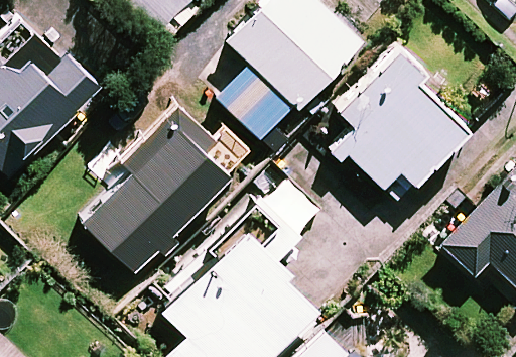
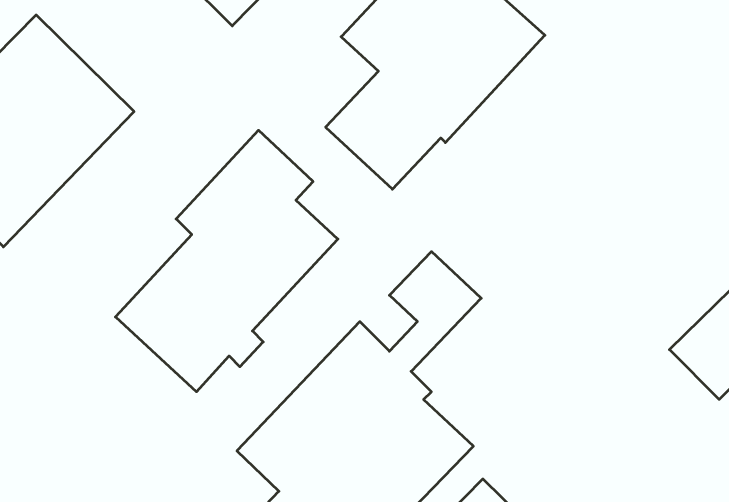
building: [330,47,469,204] -> none

